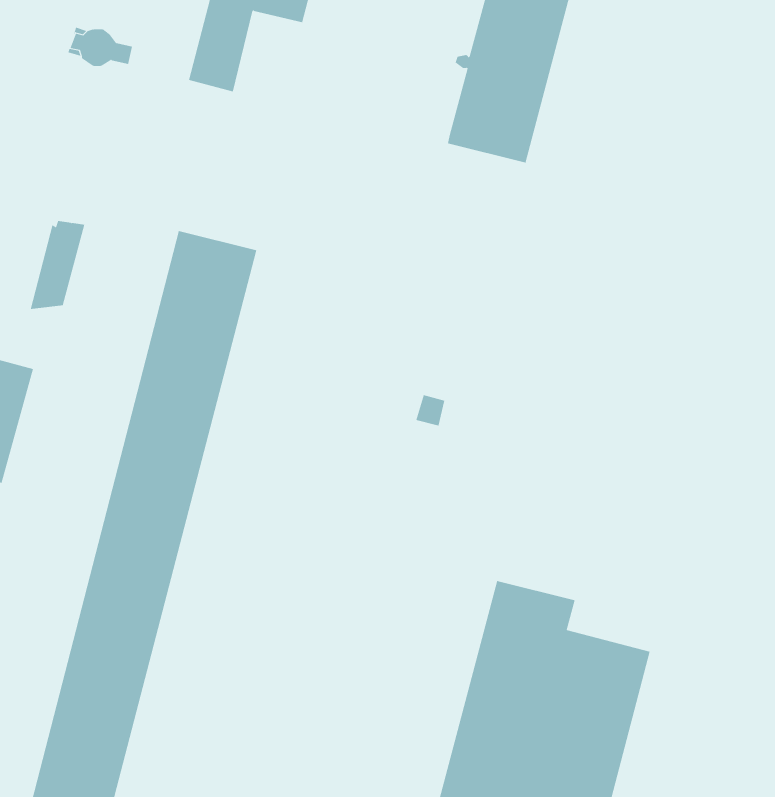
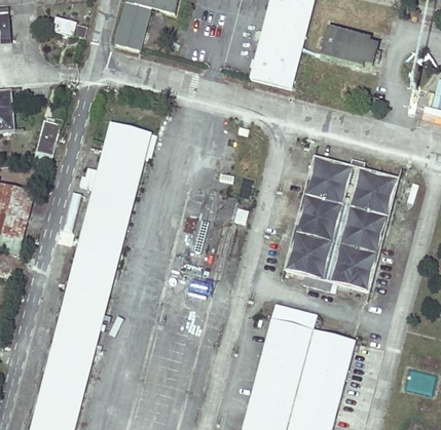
building: none -> [321,26,378,65]
building: none -> [285,155,398,289]

